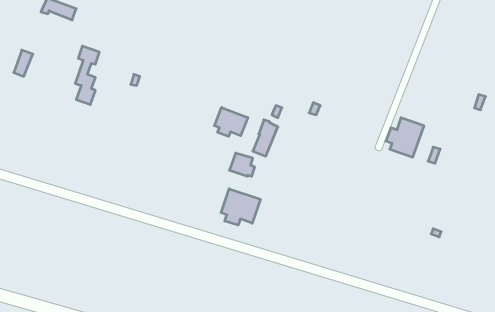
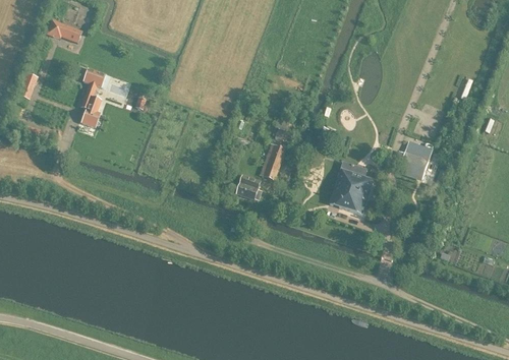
building: [214,107,248,136] -> none
building: none -> [330,169,375,215]
building: [221,189,260,225] -> none

